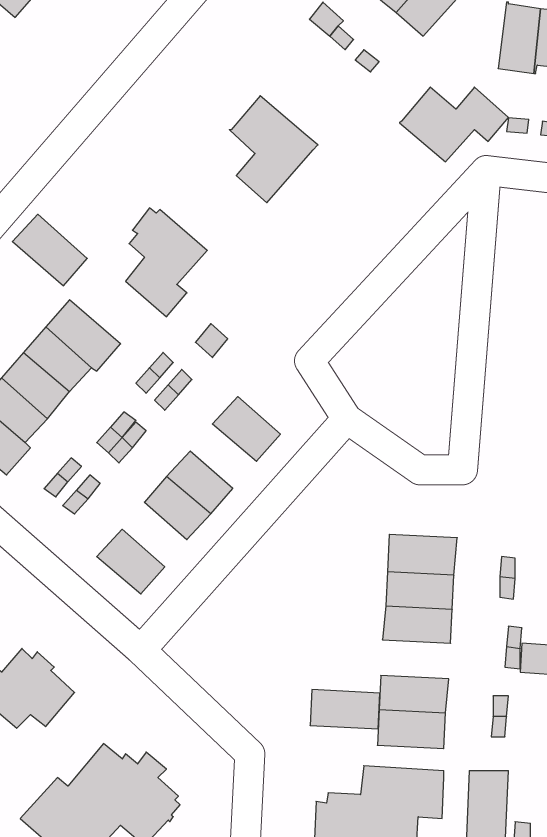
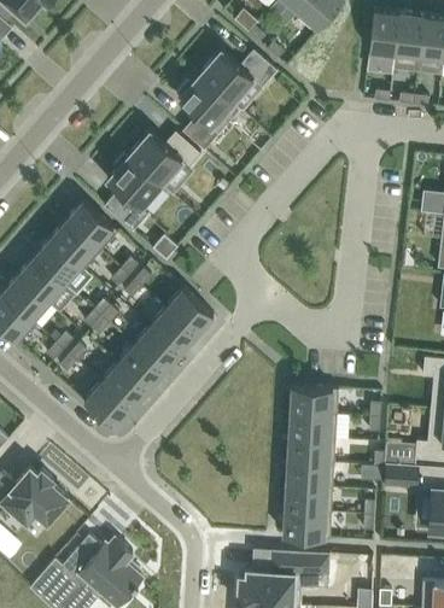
building: [400,87,508,162] -> [199,51,276,104]
building: none -> [128,133,199,186]
building: [12,214,87,286] -> [64,201,117,252]
building: none -> [150,309,197,355]
building: none -> [101,364,147,410]
building: [310,690,380,729] -> [285,462,334,490]

